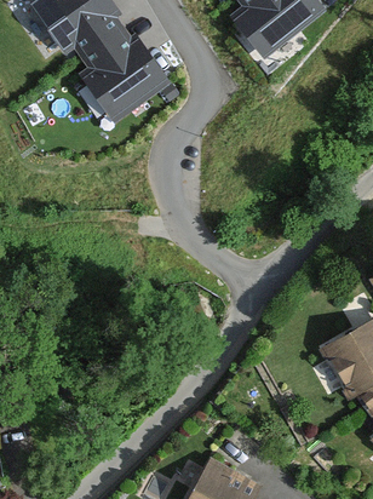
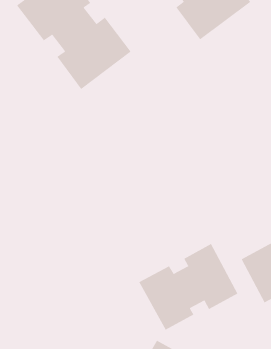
building: none -> [139,243,238,330]

